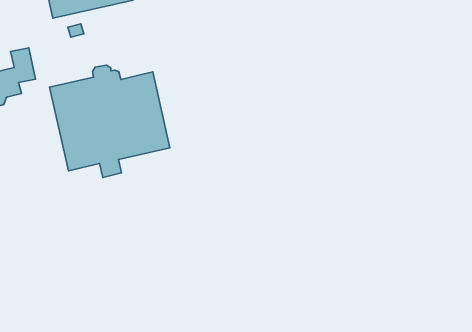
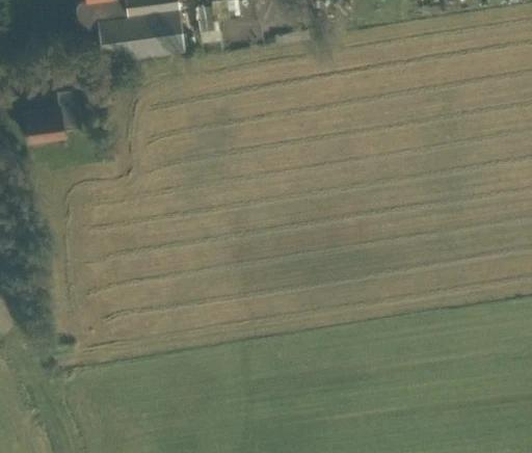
building: [49,65,170,178] -> none

